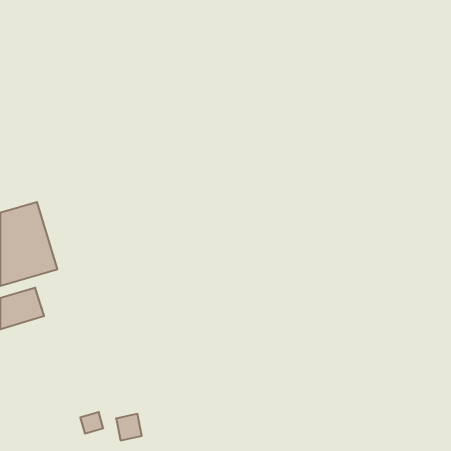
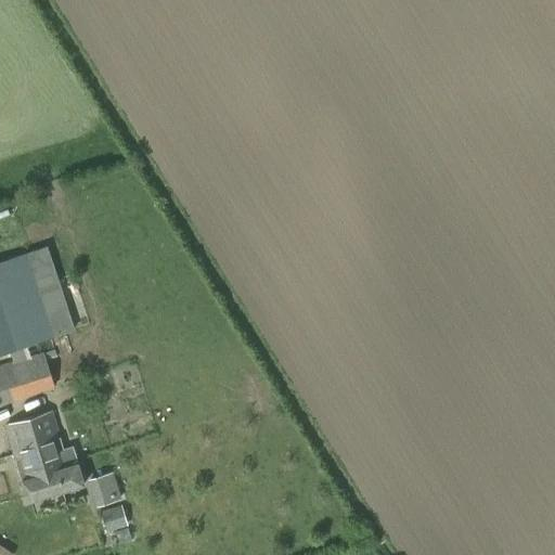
building: none -> [4,411,82,500]
building: [116,414,142,440] -> [91,472,122,504]

